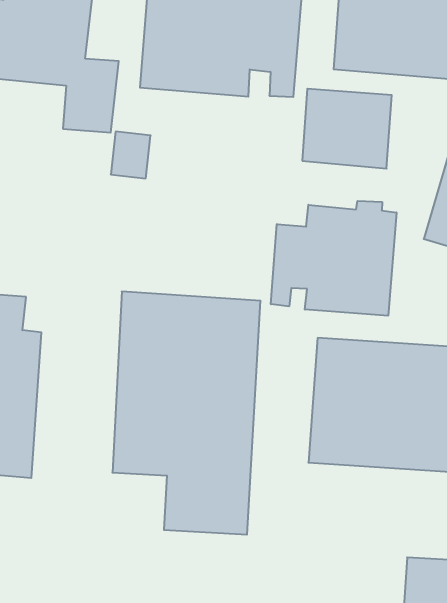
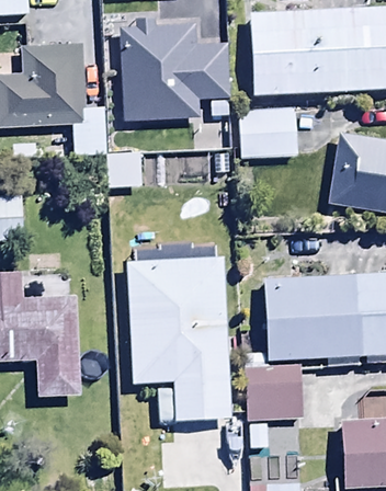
building: [271,201,396,316] -> none
building: none -> [247,366,304,448]

